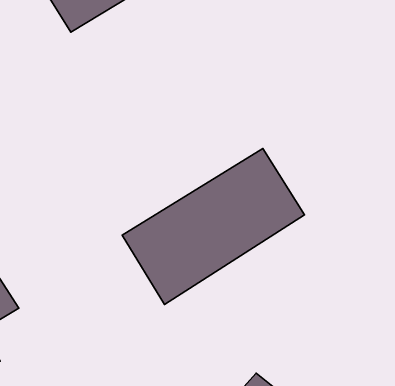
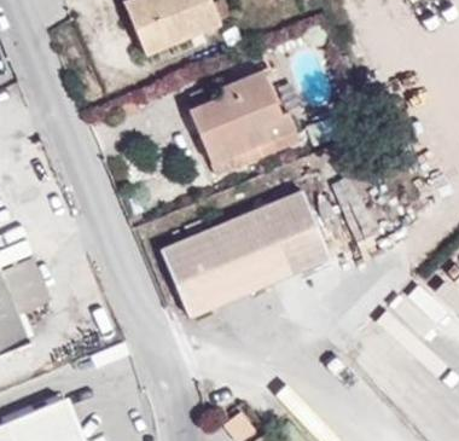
building: none -> [188,70,300,176]

